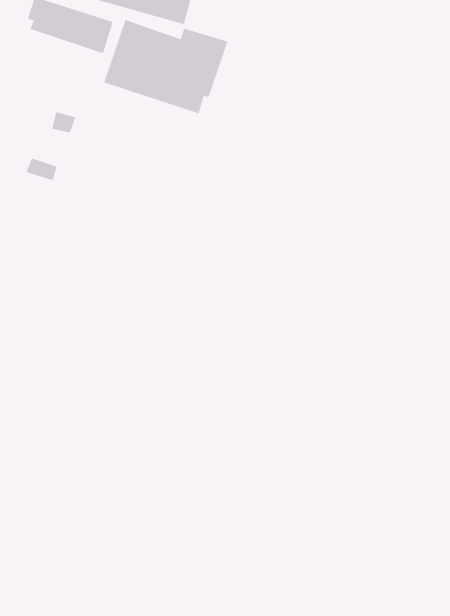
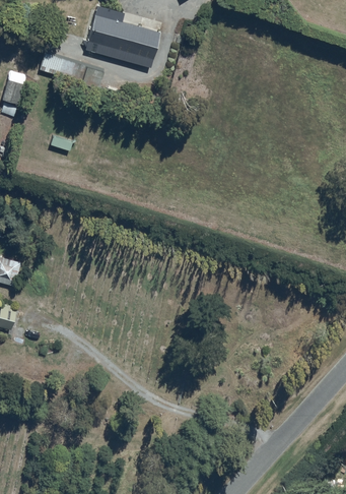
building: [104,19,228,114] -> none

